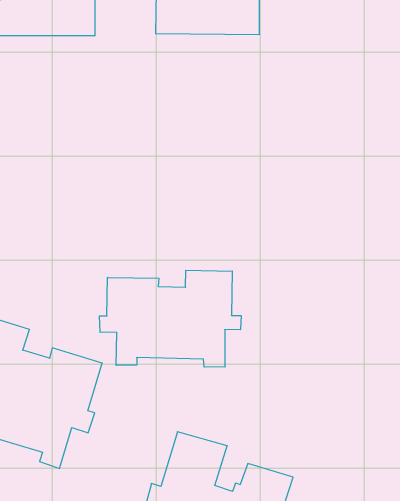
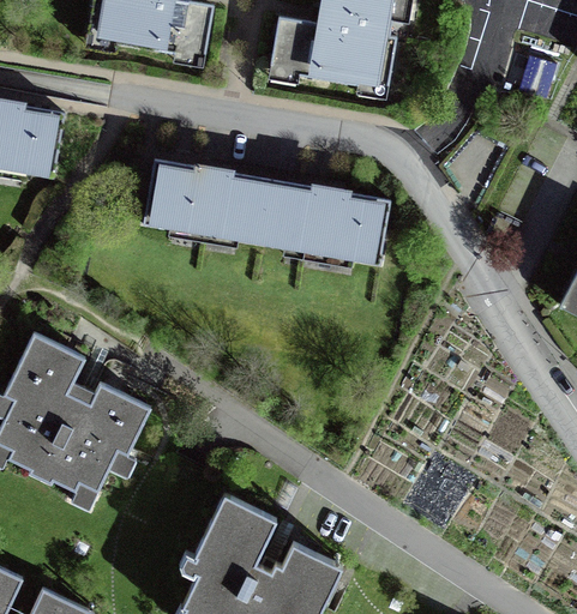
building: none -> [148,157,391,260]
building: [100,270,241,367] -> none

